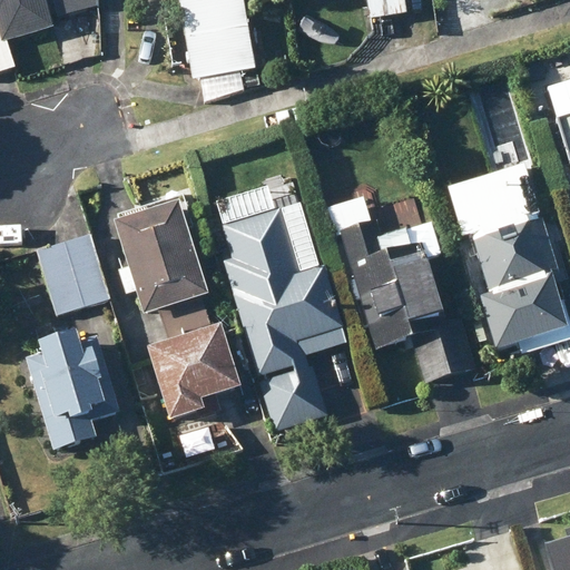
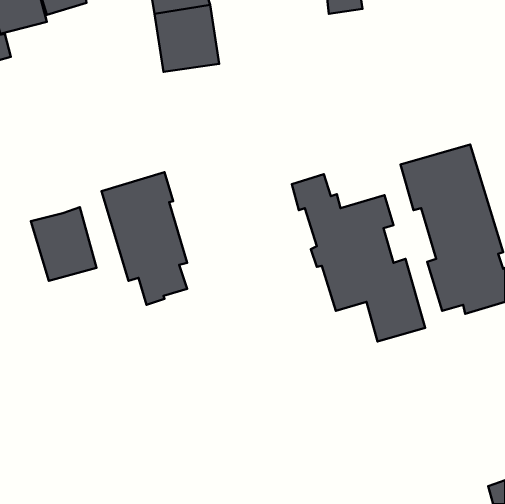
building: [220,205,346,429] -> none
building: [148,323,243,420] -> none
building: [26,332,119,450] -> none

